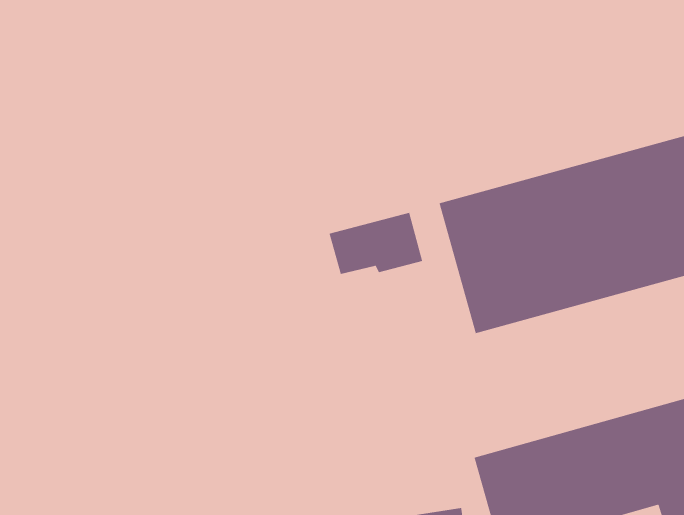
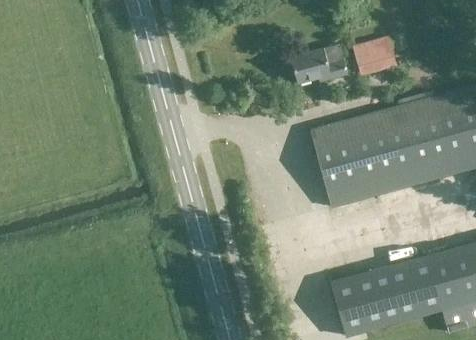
building: none -> [353,37,394,66]
building: [328,212,423,275] -> [290,45,347,83]

